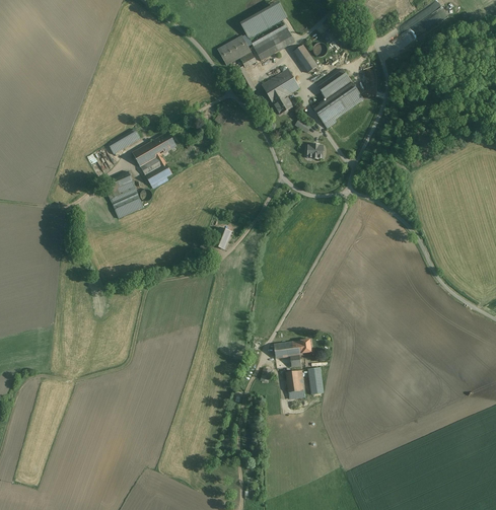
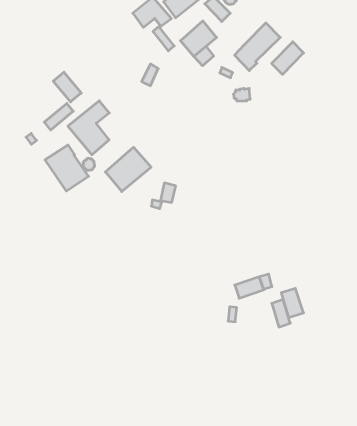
building: [317,69,352,100] -> [272,42,304,74]
building: none -> [53,72,81,102]
building: none -> [105,147,151,192]
building: [286,370,305,398] -> [281,288,304,317]

